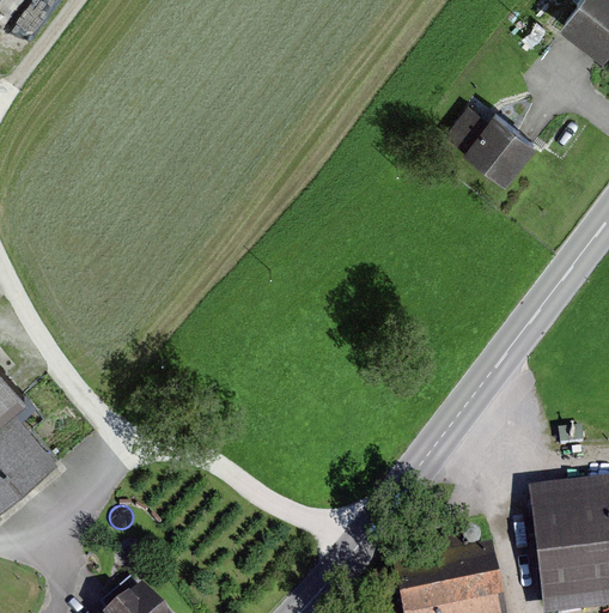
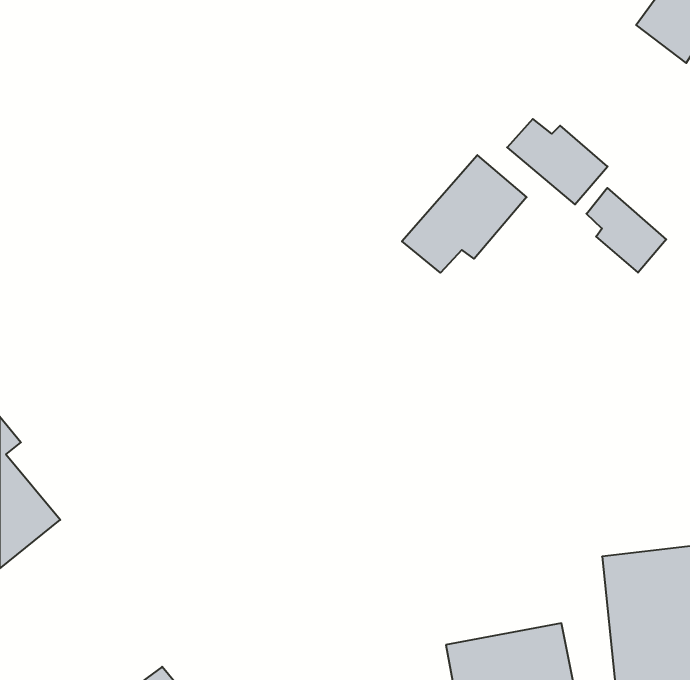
building: none -> [402,155,527,273]
building: none -> [586,188,666,273]

